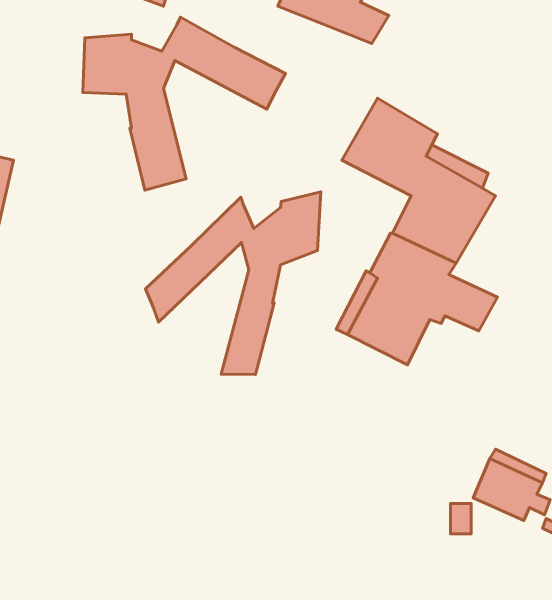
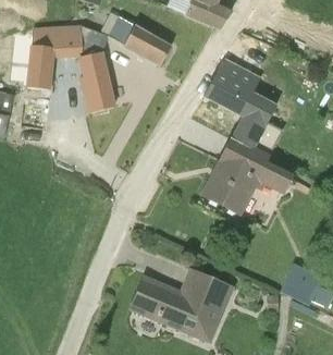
building: none -> [26,25,56,91]
building: [146,192,321,374] -> none
building: none -> [131,269,235,343]

